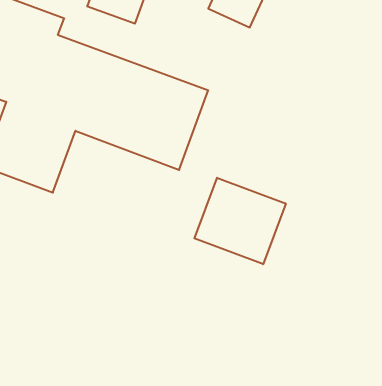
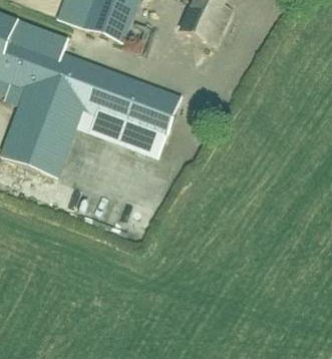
building: [194,178,286,264] -> none

